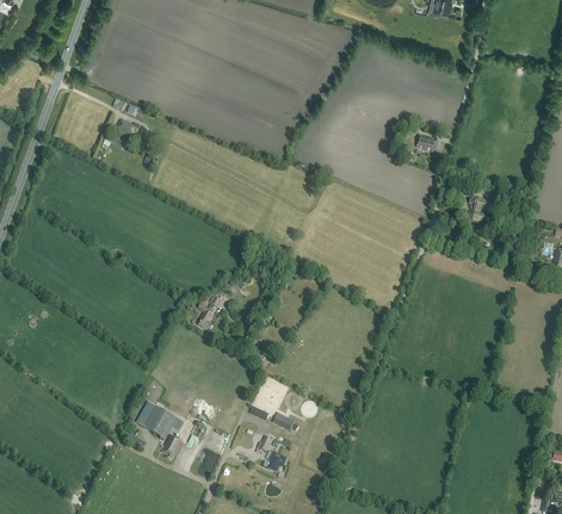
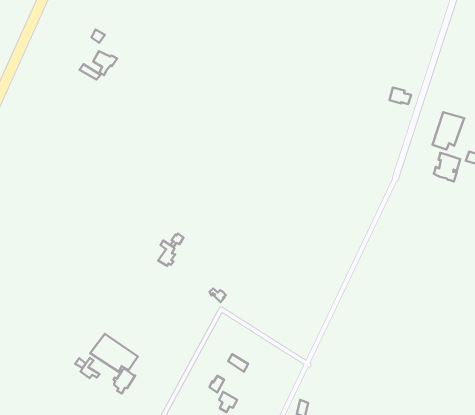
building: none -> [432,112,464,150]

